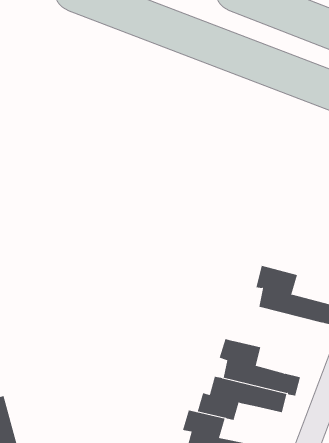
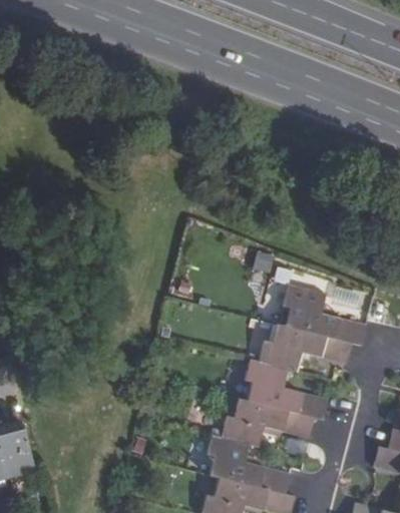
building: none -> [258,325,352,372]

